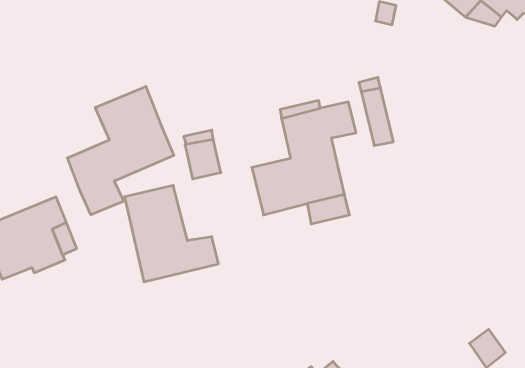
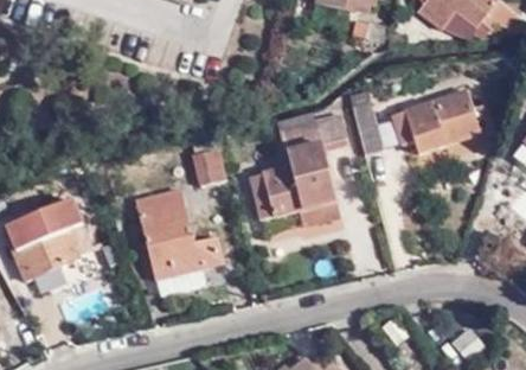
building: none -> [390,90,480,154]
building: [67,86,174,215] -> none

